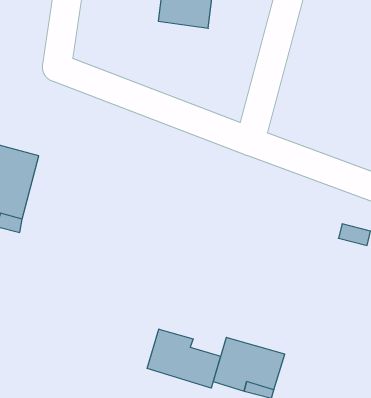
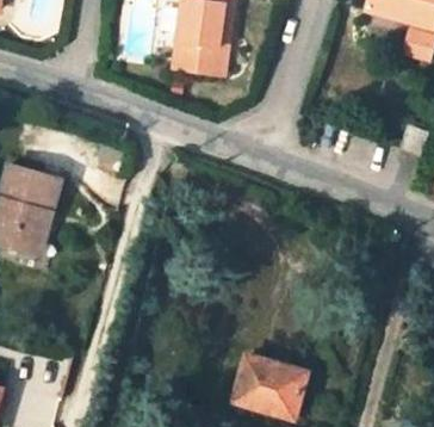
building: none -> [175,42,228,74]
building: [147,329,221,388] -> none

